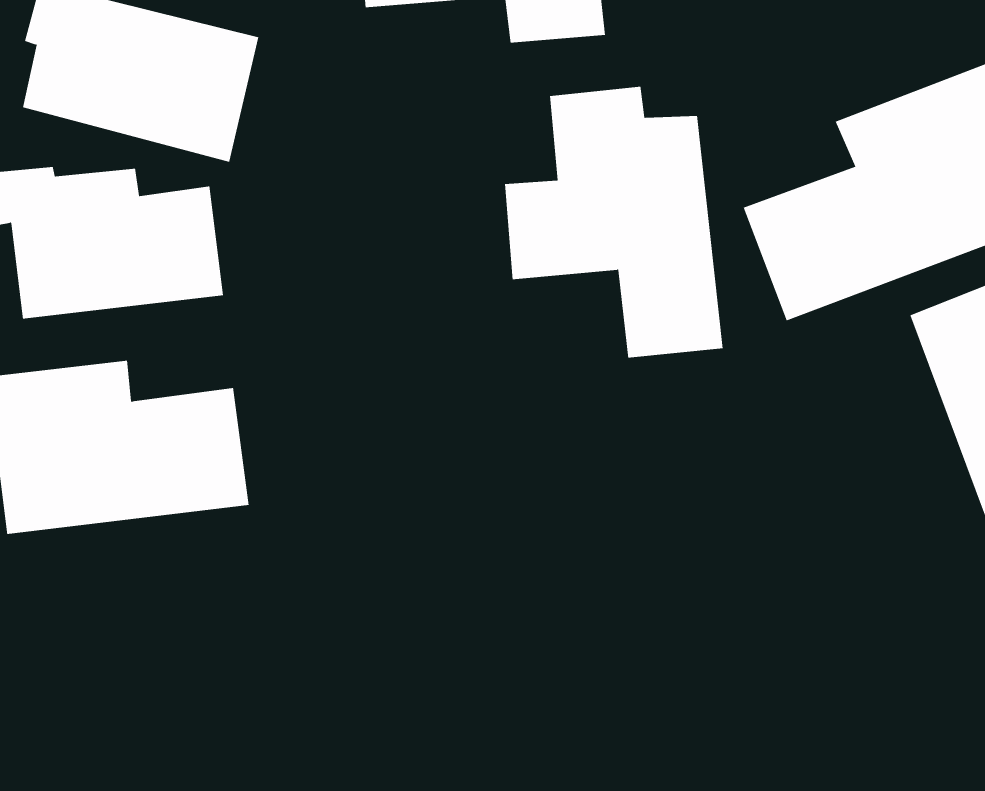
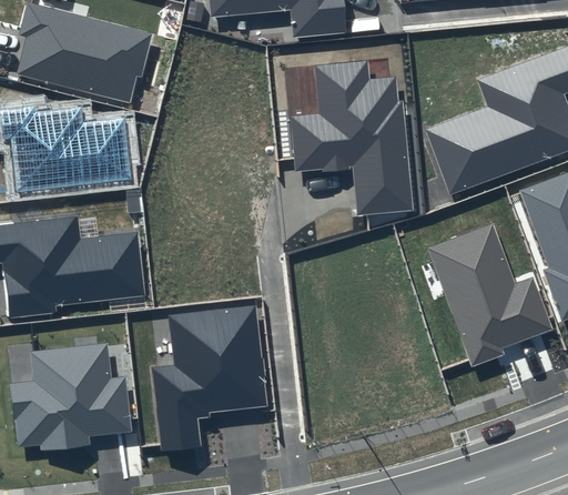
building: none -> [427,224,555,365]
building: none -> [151,305,268,451]
building: none -> [9,343,132,451]

